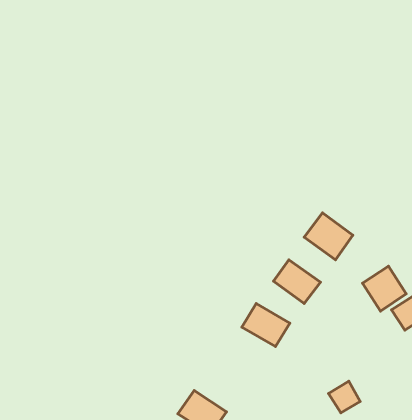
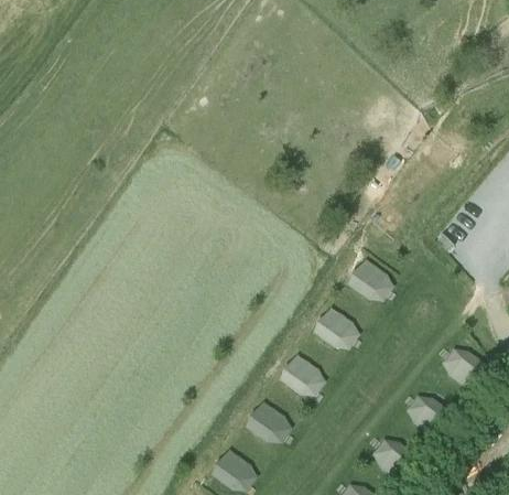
building: [363,266,406,311] -> none
building: none -> [405,391,443,429]
building: none -> [245,401,295,448]

